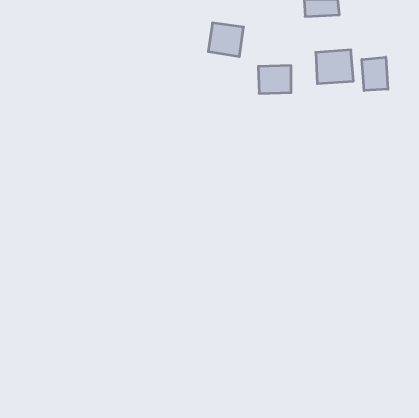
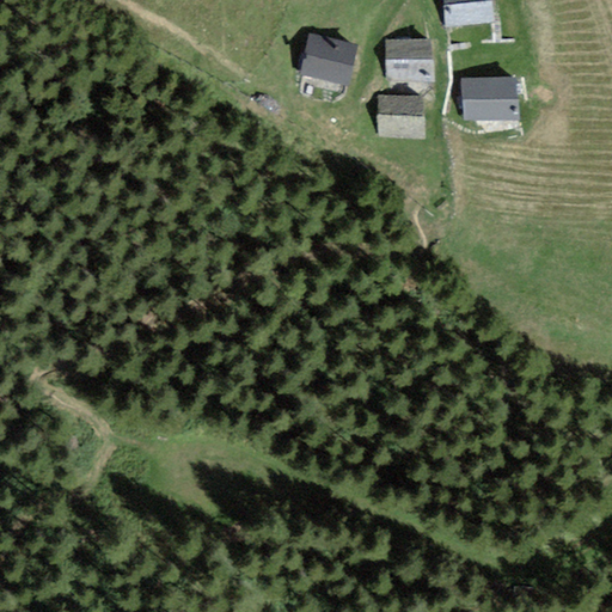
building: none -> [385,38,433,79]
building: [362,57,388,91] -> none

